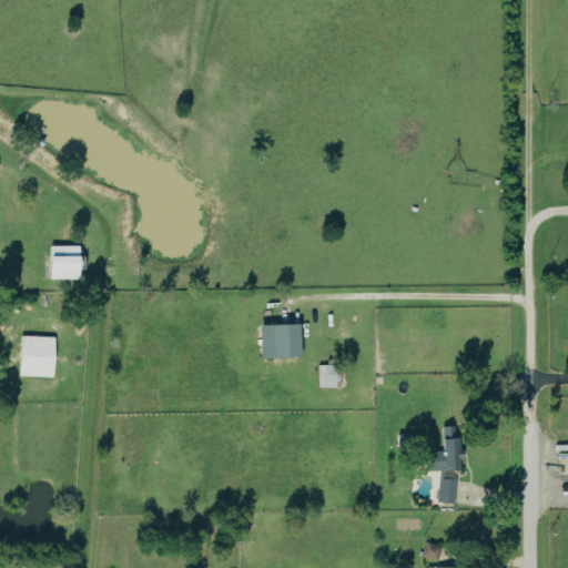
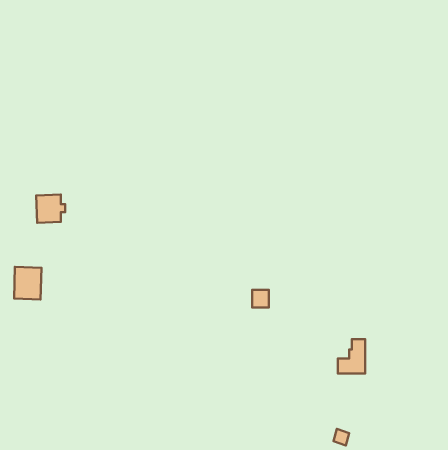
building: [260,324,301,359] -> none
building: [439,478,459,505] -> none

